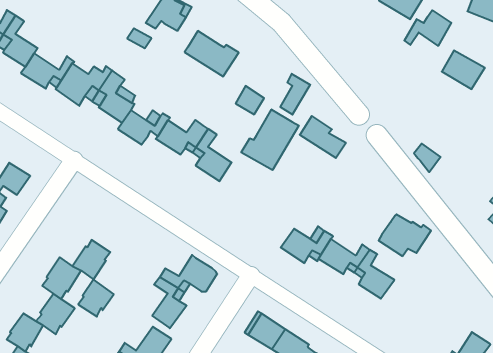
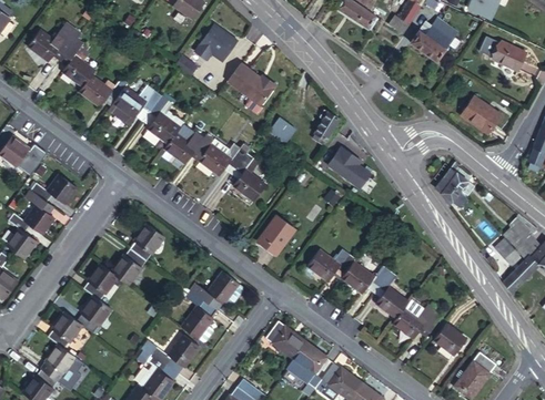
building: [404,10,451,46] -> none
building: [241,109,299,170] -> none
building: none -> [442,161,473,193]
building: none -> [263,220,299,258]
building: [379,214,431,256] -> [393,300,442,339]
building: [78,279,114,317] -> [132,227,165,261]
building: none -> [436,326,471,357]

